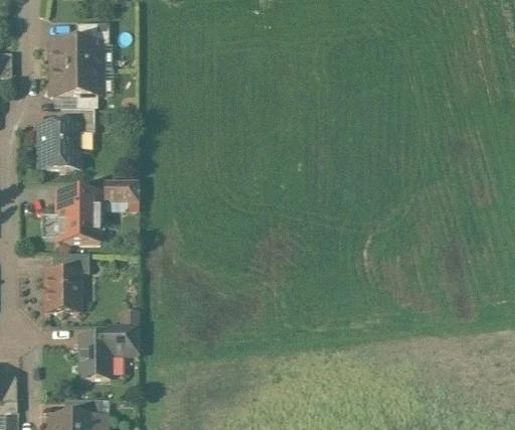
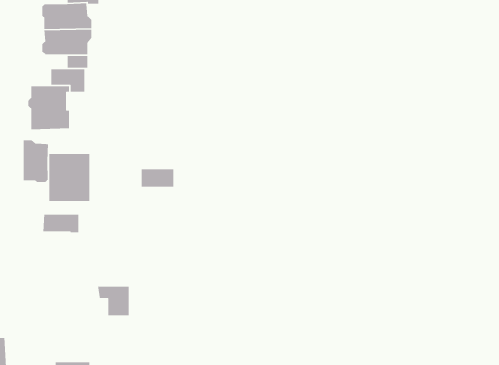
building: none -> [23,140,49,183]
building: [104,179,137,198] -> [141,168,174,188]
building: [44,270,77,315] -> none
building: [78,336,115,378] -> none

